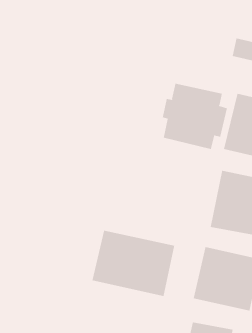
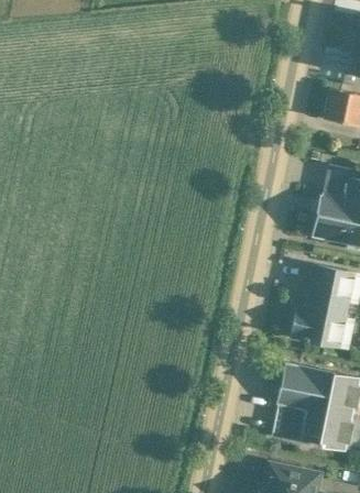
building: [162,83,227,150] -> none
building: [92,230,175,297] -> none

